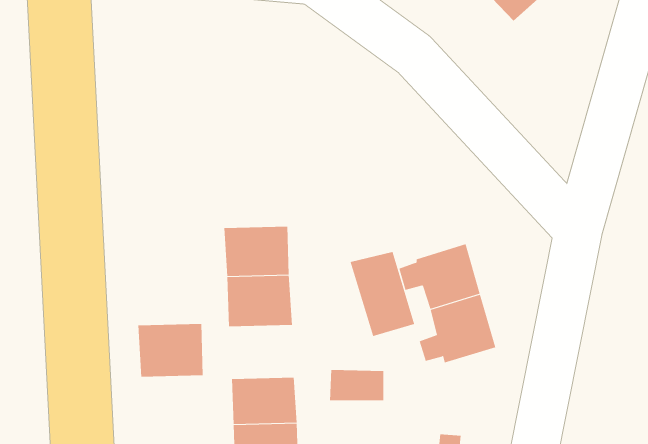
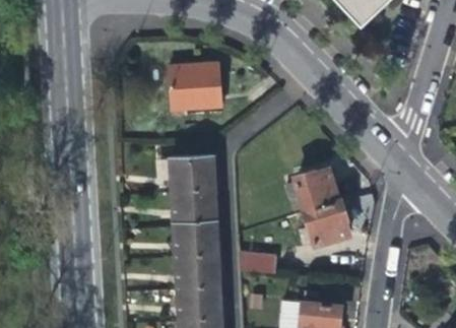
building: none -> [169,65,221,113]
building: [350,251,415,337] -> none
building: [137,324,204,377] -> [176,223,218,258]

